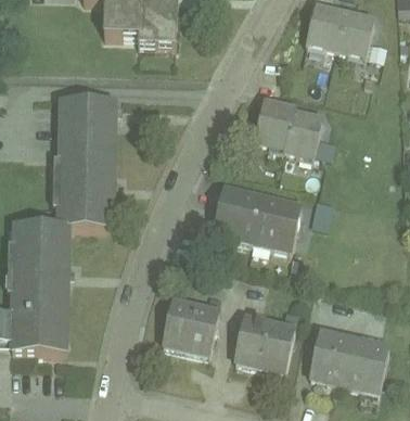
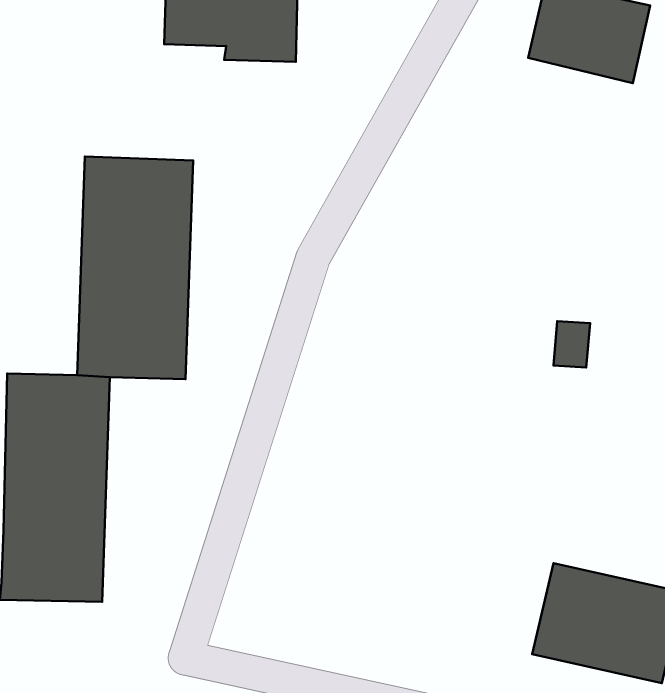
building: [252,95,322,163] -> none
building: [208,187,302,256] -> none
building: [157,297,219,357] -> none
building: [232,311,296,374] -> none

